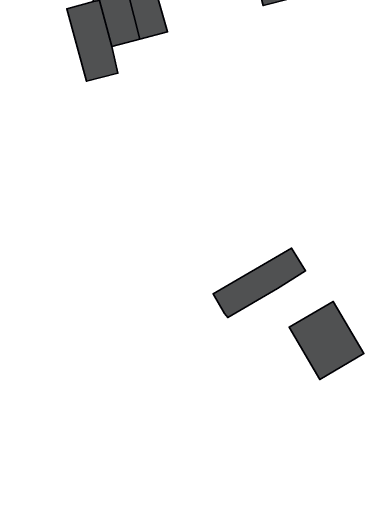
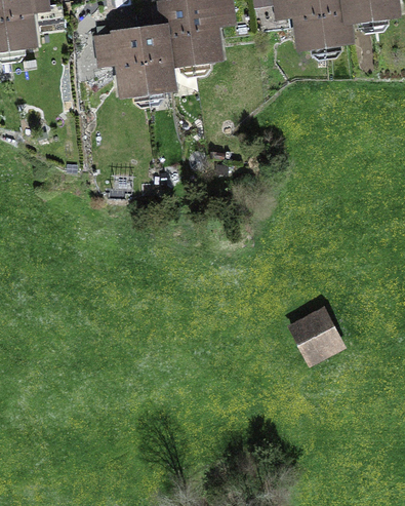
building: none -> [102,30,147,94]
building: [213,248,306,317] -> none

